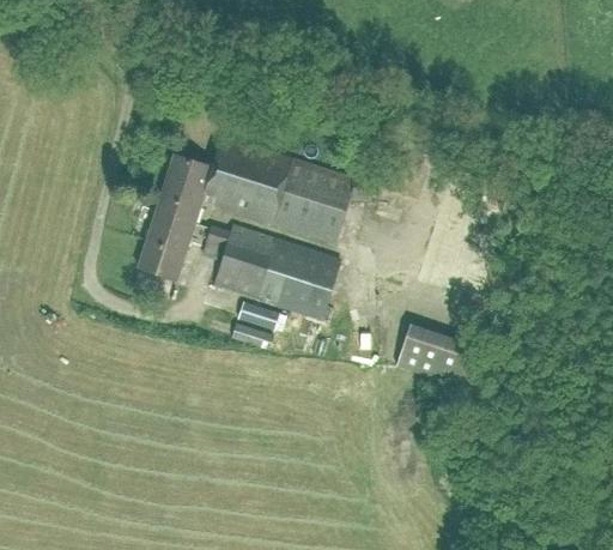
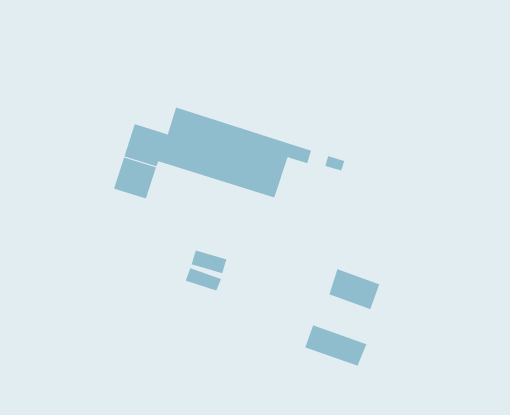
building: [207,225,340,321] -> none
building: [138,232,188,283] -> none
building: none -> [304,324,367,367]

